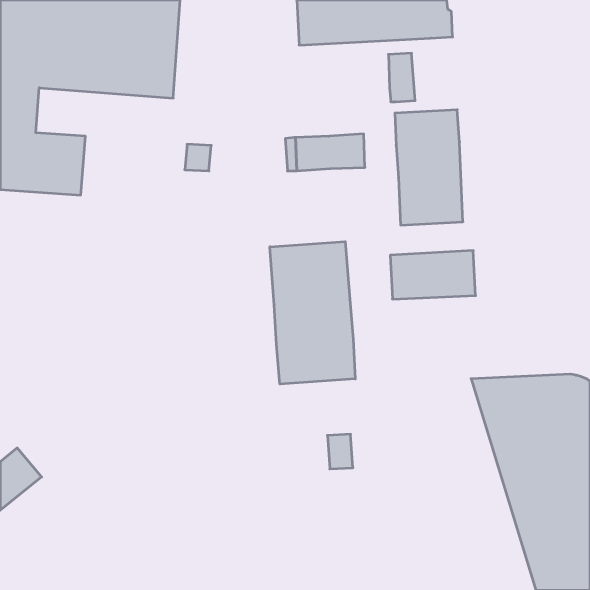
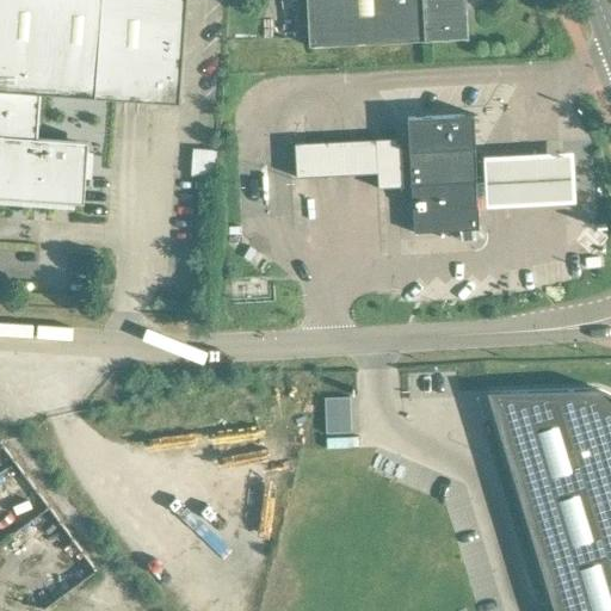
building: [388,53,415,102] -> [376,137,403,187]
building: [270,242,355,384] -> none
building: [390,251,476,299] -> [485,153,573,203]
building: [327,434,353,469] -> [326,396,352,432]

